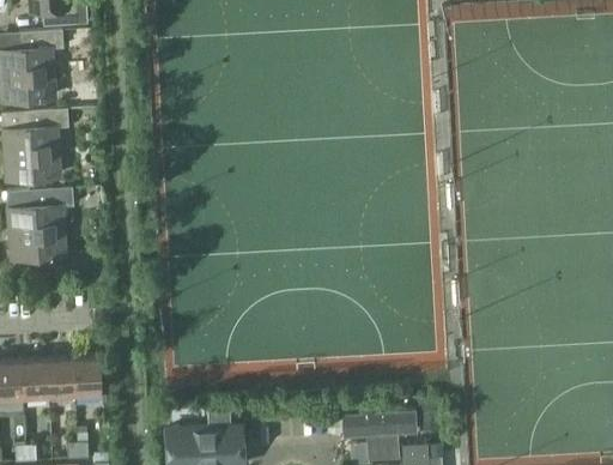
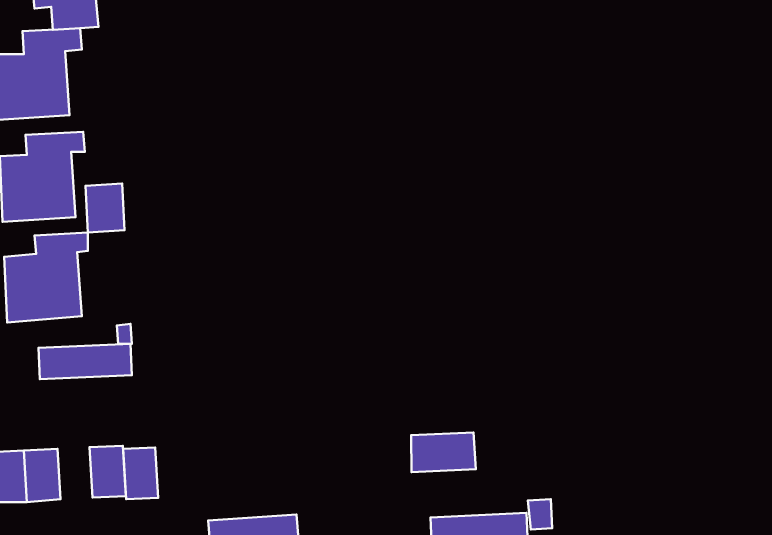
building: none -> [85,184,125,232]
building: none -> [38,344,132,379]
building: none -> [411,432,476,472]
building: [48,360,75,400] -> [123,447,158,499]

